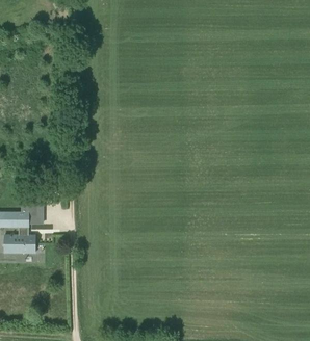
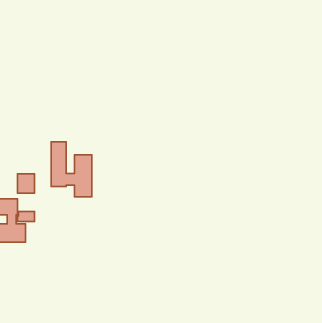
building: none -> [51,142,92,197]

